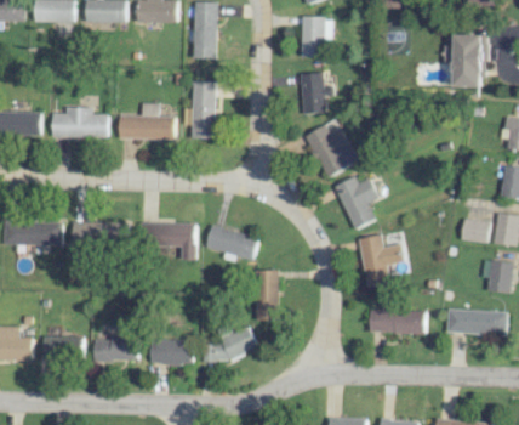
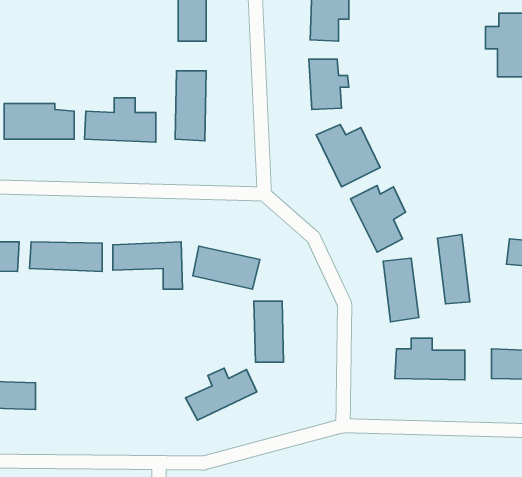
building: none -> [438,235,470,304]
building: [92,336,138,362] -> none
building: [152,339,193,364] -> none

